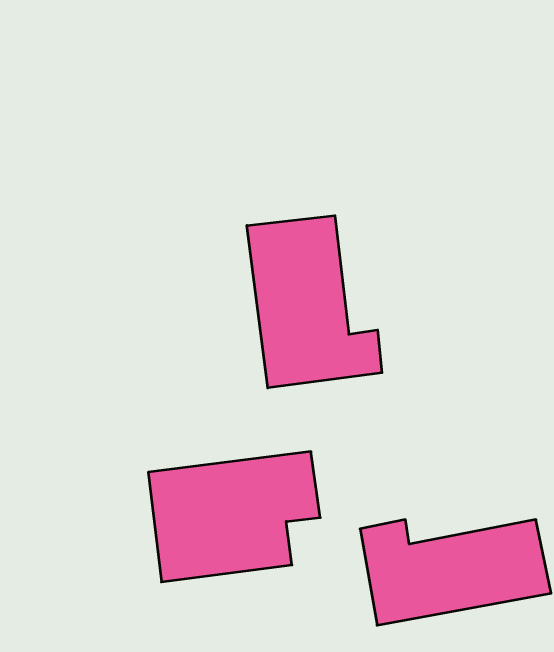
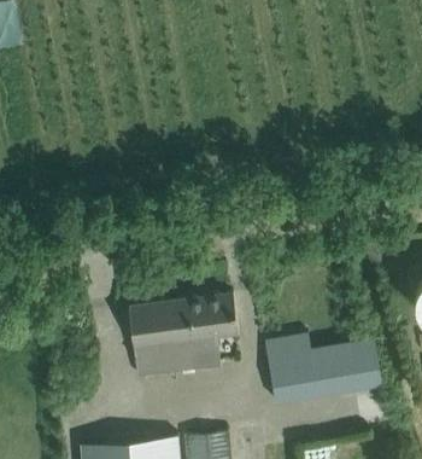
building: [247,216,382,388] -> none

